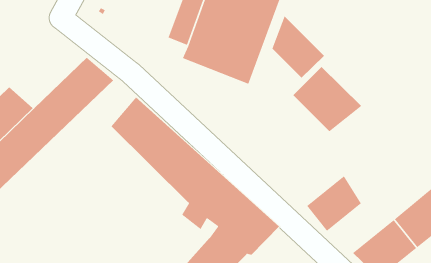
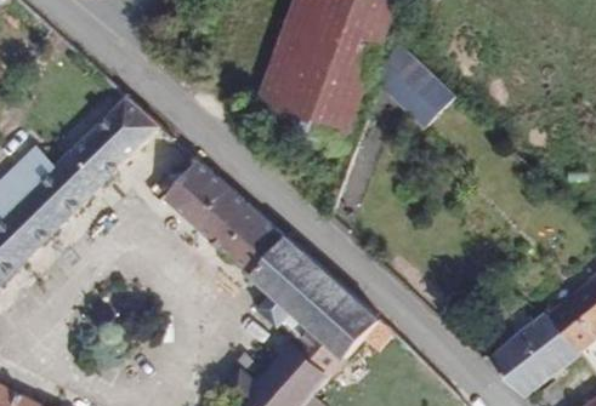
building: [292,66,362,132] -> none
building: [306,175,362,232] -> none

